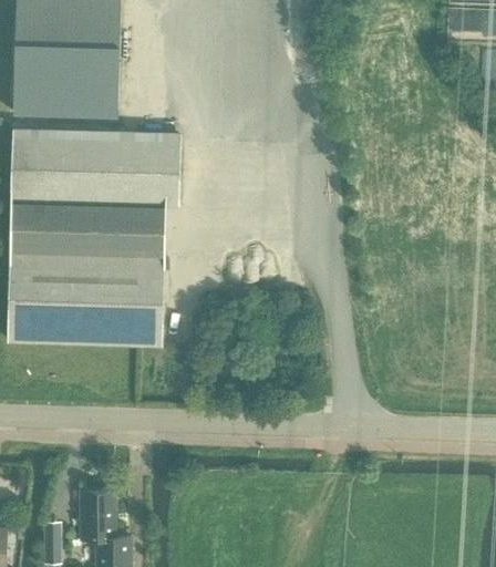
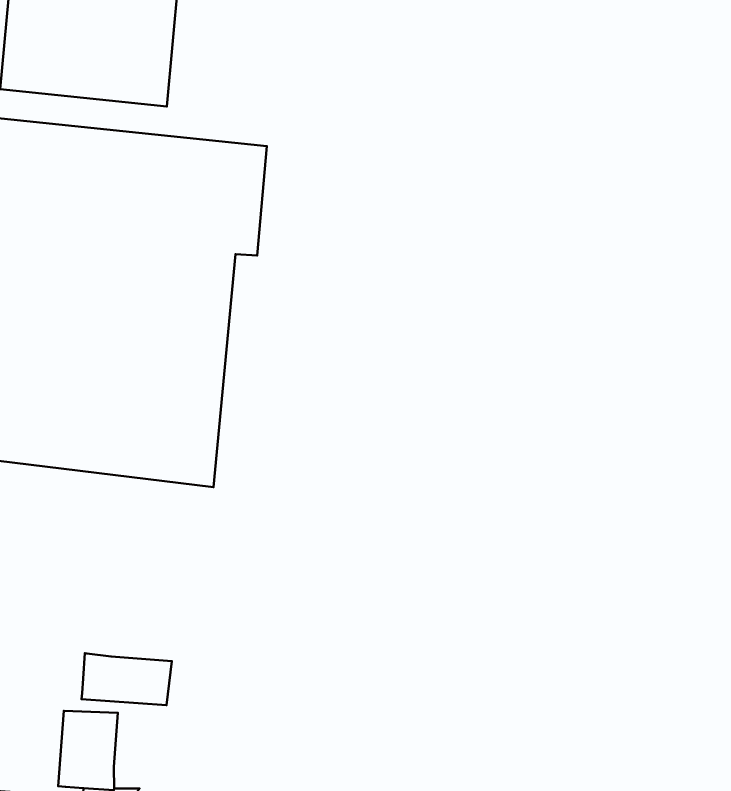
building: none -> [82,653,172,705]

